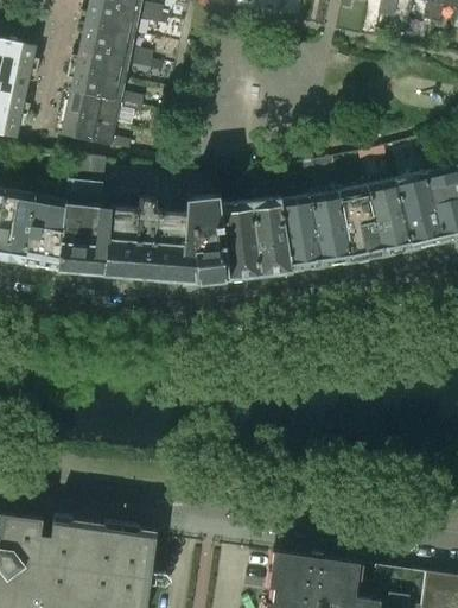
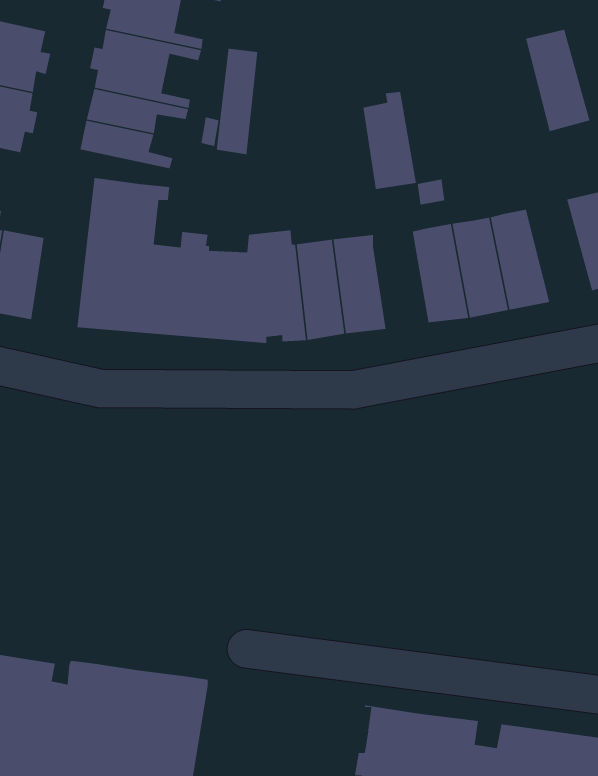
building: none -> [216,48,258,155]
building: [394,172,443,249] -> [525,29,590,132]
building: [25,192,66,268] -> none
building: [280,196,320,270] -> [363,91,417,190]

